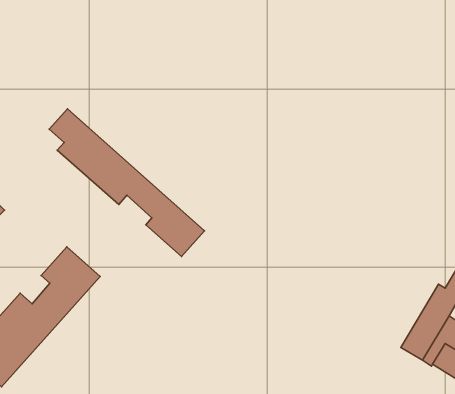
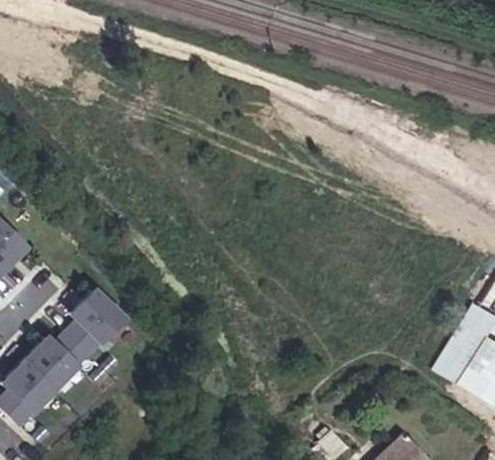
building: [49,109,205,256] -> none

